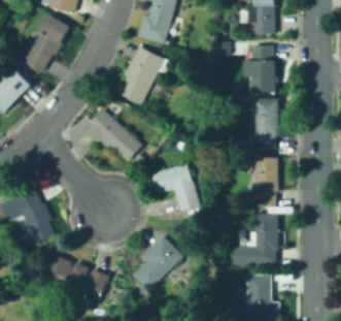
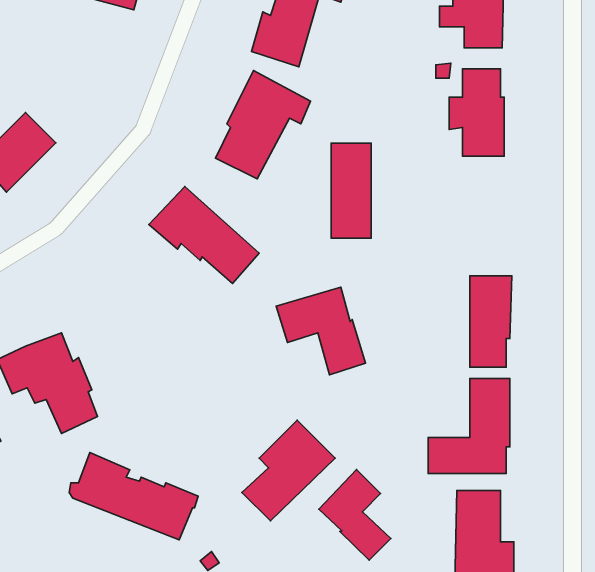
building: [23,13,70,72] -> none
building: [255,98,277,150] -> [331,143,371,238]
building: none -> [319,469,391,560]

